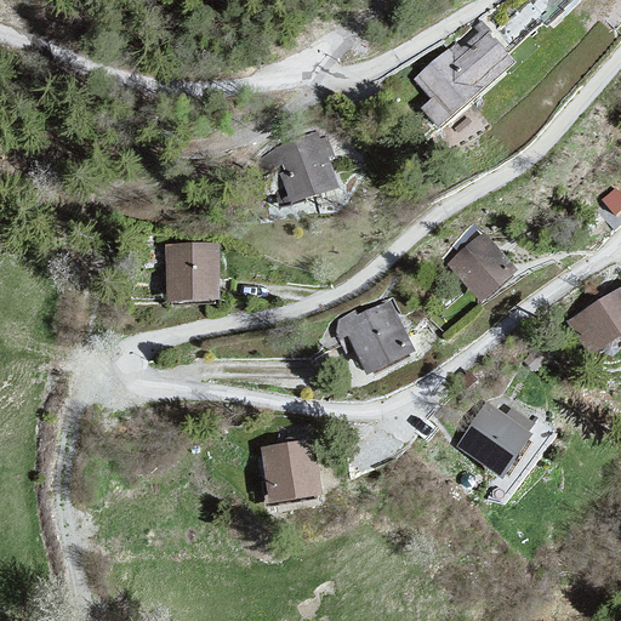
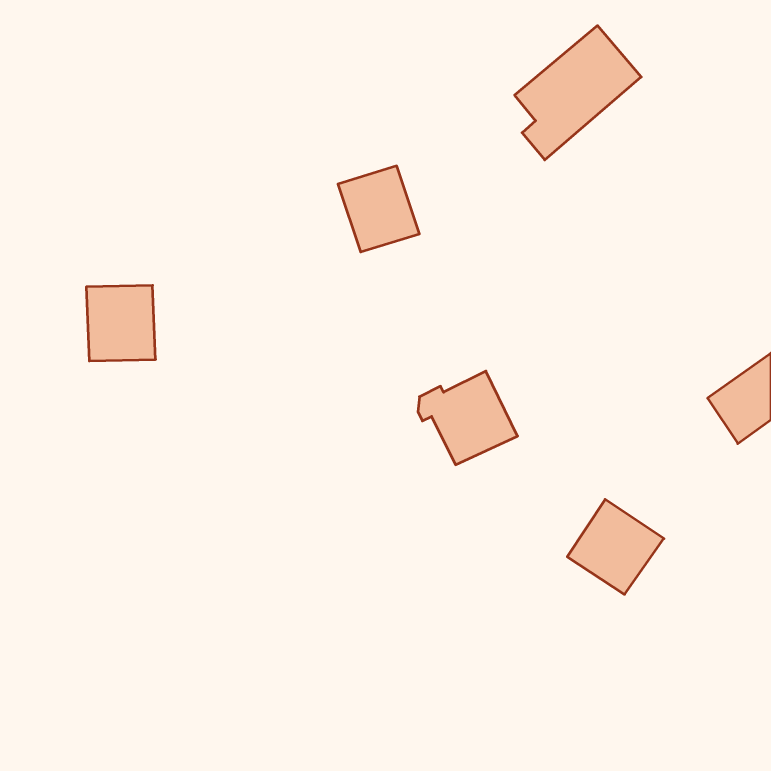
building: [446,232,518,303] -> none
building: [165,240,221,301] -> [86,285,156,361]
building: [260,439,321,502] -> none

